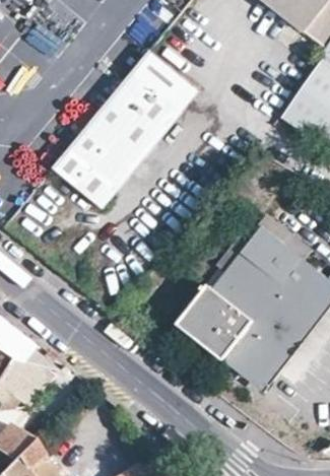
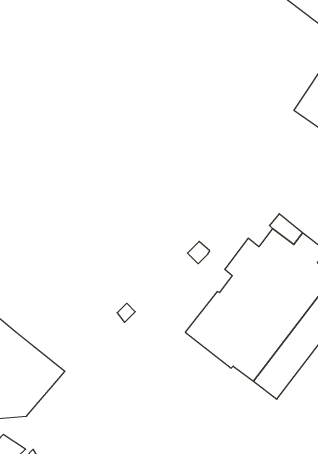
building: [53,51,198,208] -> none

